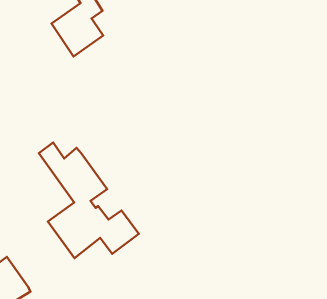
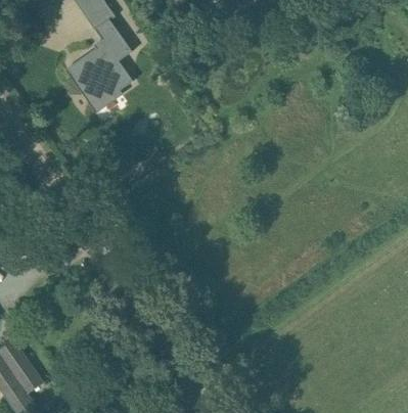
building: [39,143,139,258] -> none

